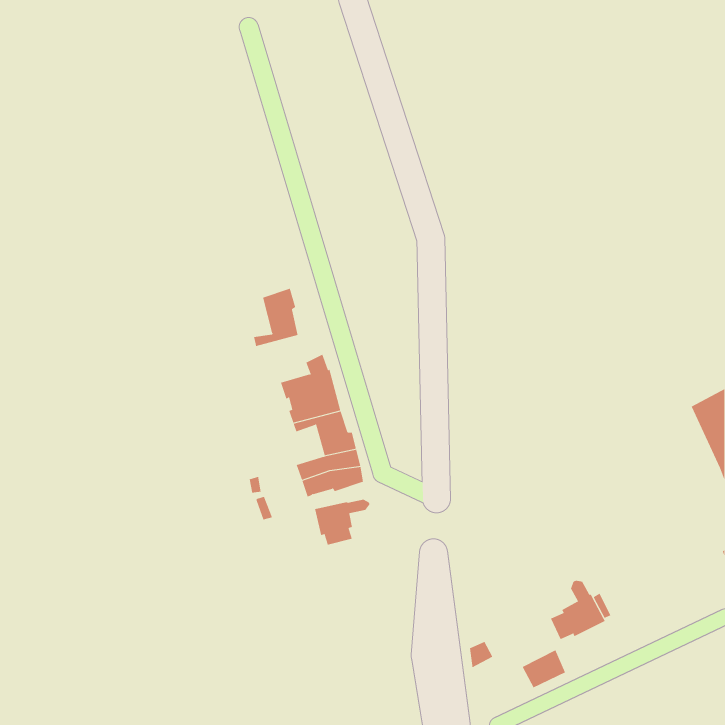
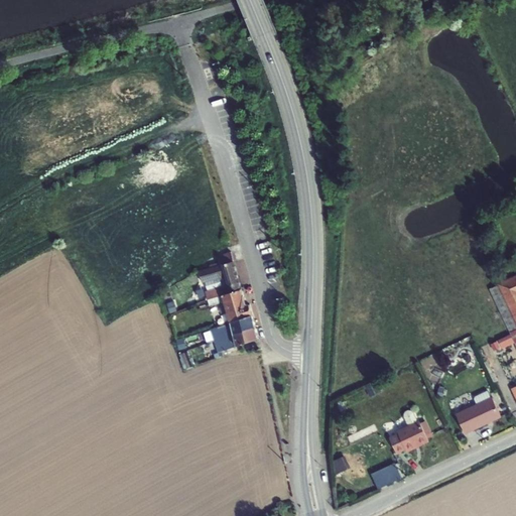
building: [254,288,298,347] -> none
building: [314,499,370,546] -> none
building: none -> [456,390,500,432]

